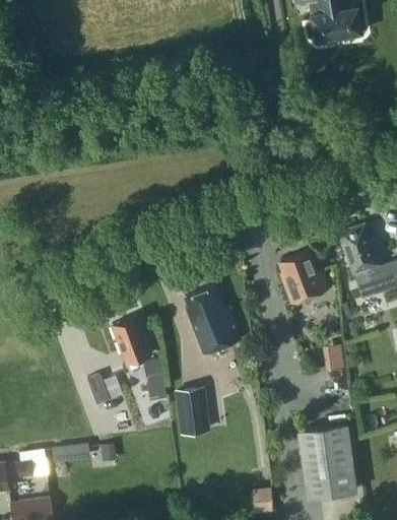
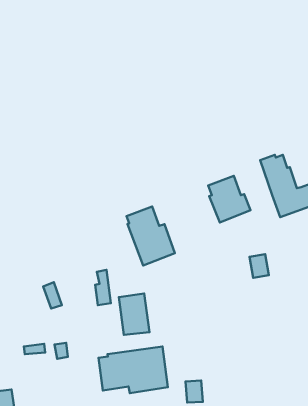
building: [111,316,151,364] -> none
building: [297,425,357,499] -> none
building: none -> [98,347,168,393]

